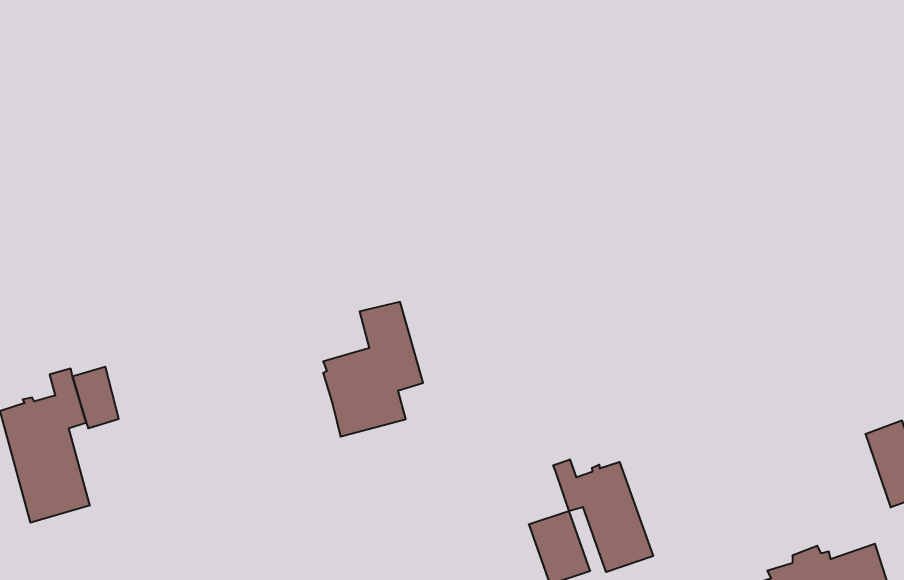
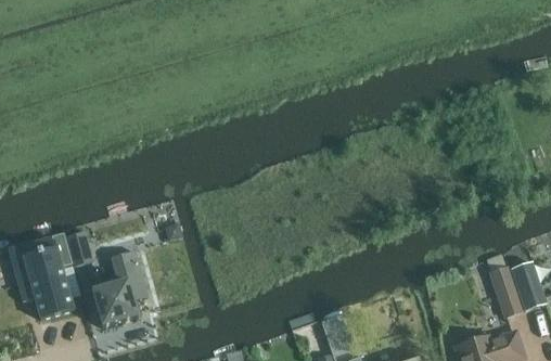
building: [323,302,423,437] -> [98,256,154,332]
building: none -> [490,266,522,315]
building: [553,459,653,572] -> none

